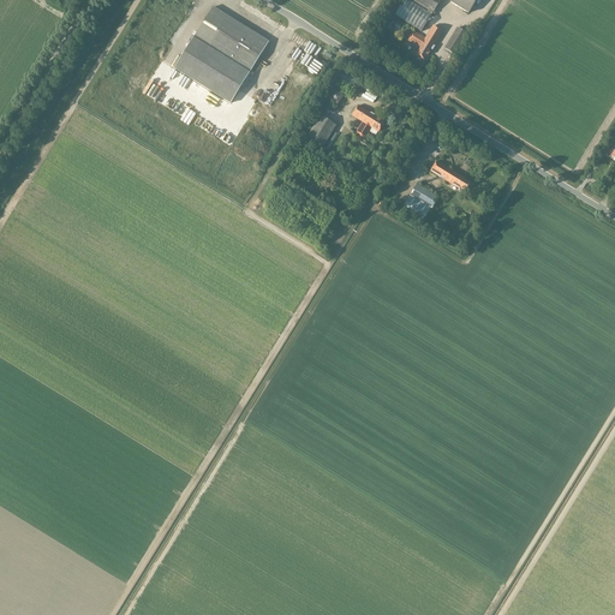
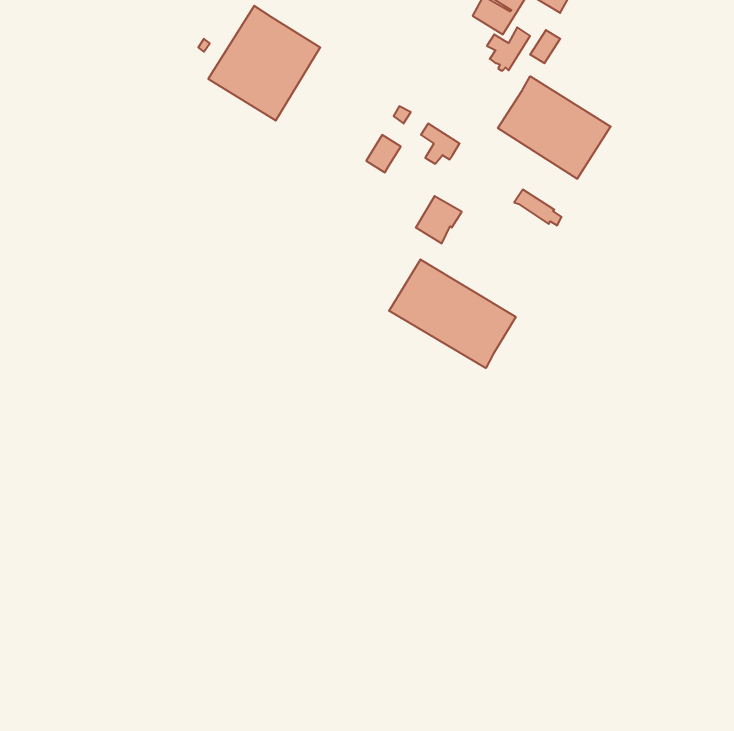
building: none -> [498,76,611,179]
building: [401,181,440,221] -> [416,196,462,243]
building: none -> [389,259,516,368]

